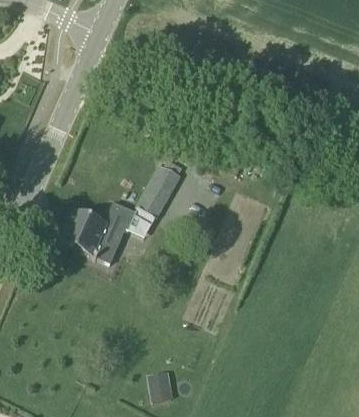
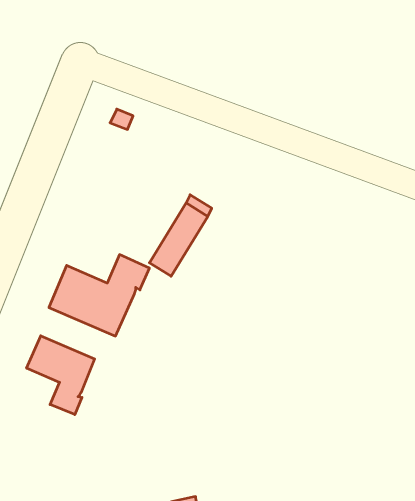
building: none -> [27,336,95,415]

